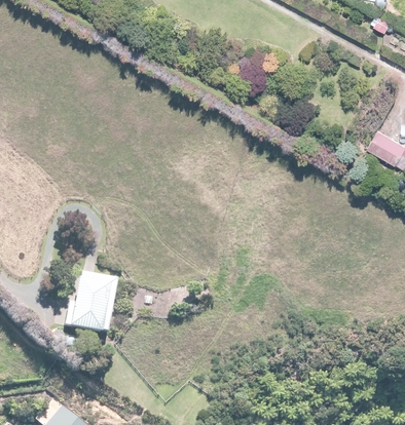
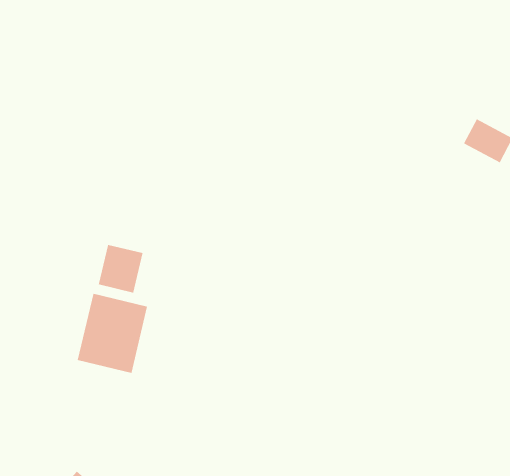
building: none -> [98,244,143,293]

